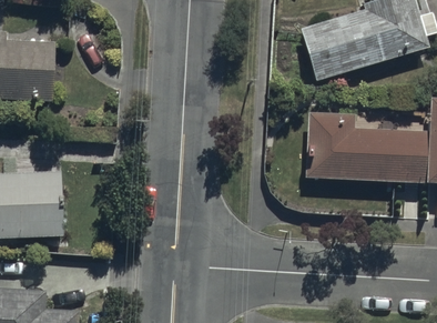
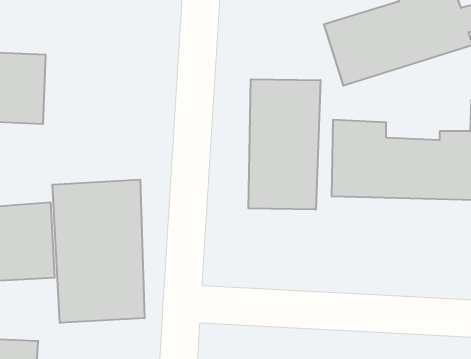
building: none -> [248,79,321,210]
building: none -> [52,180,145,323]

